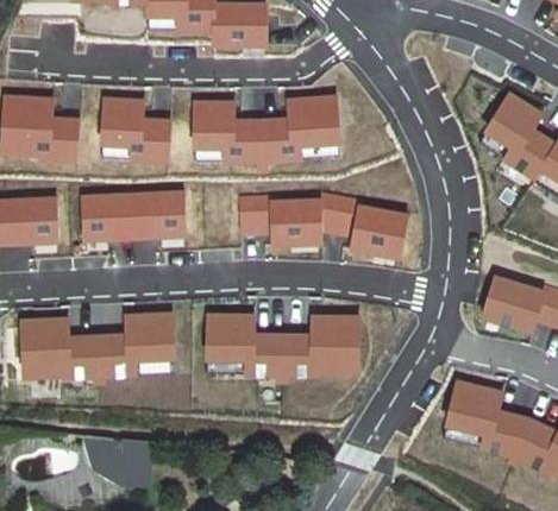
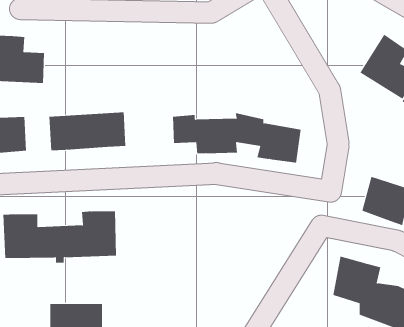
building: [100,99,170,159] -> none
building: [193,102,337,169] -> none
building: [212,315,356,380] -> none

